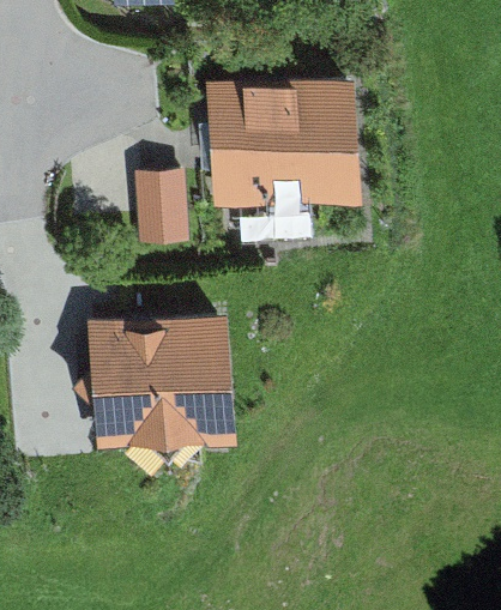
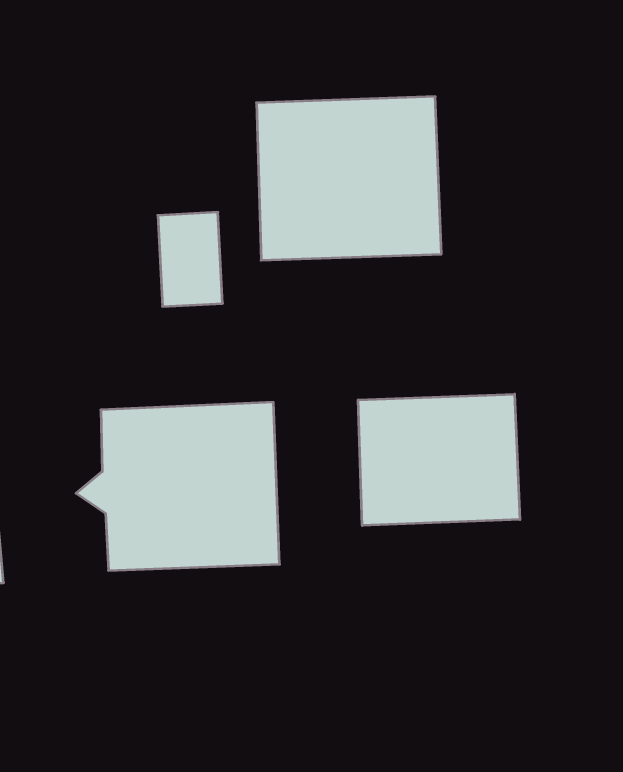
building: none -> [358,394,520,526]

